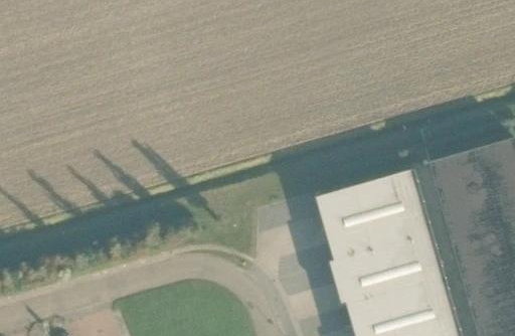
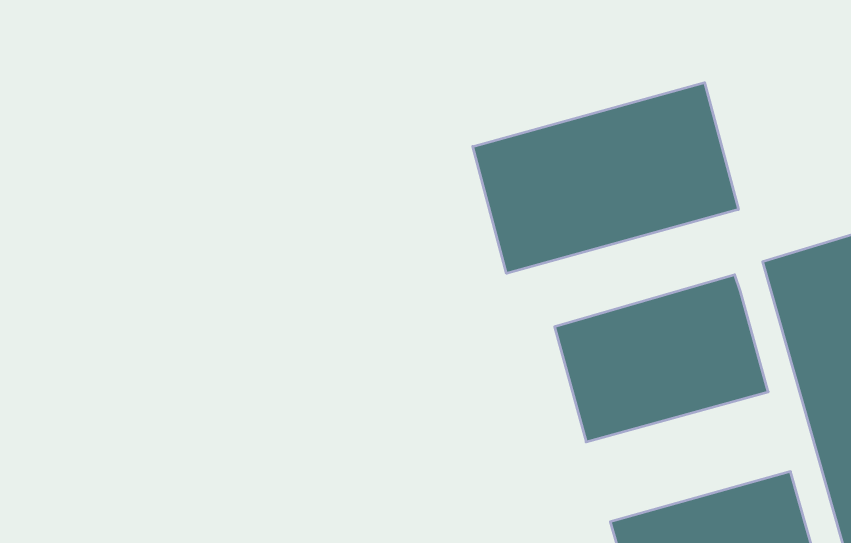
building: none -> [473,83,738,273]
building: [330,234,445,307] -> none

